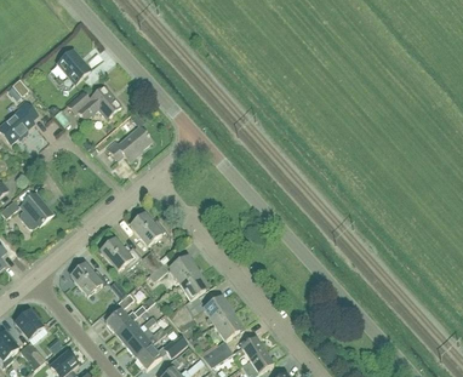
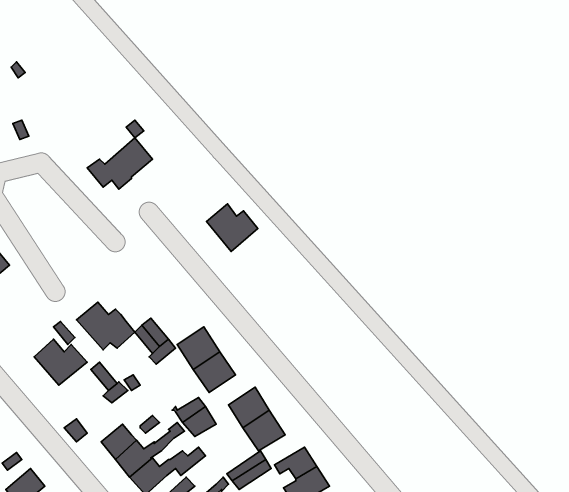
building: [57,48,90,82] -> none
building: [67,85,121,119] -> none
building: [130,212,165,245] -> [206,204,258,251]
building: [105,296,155,333] -> none

